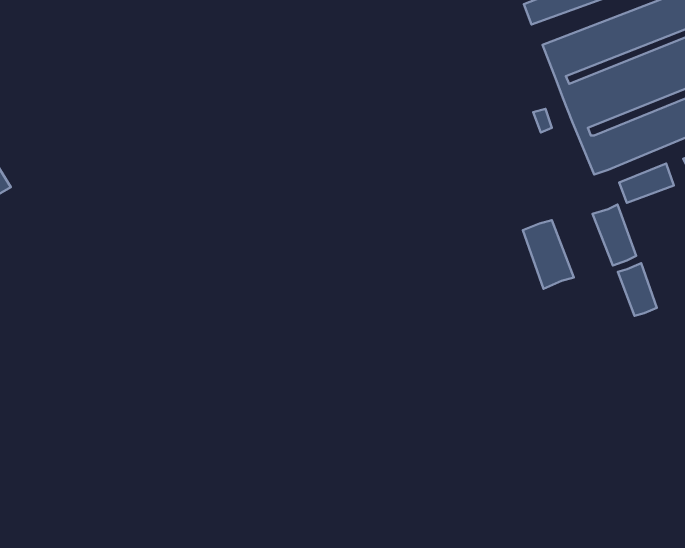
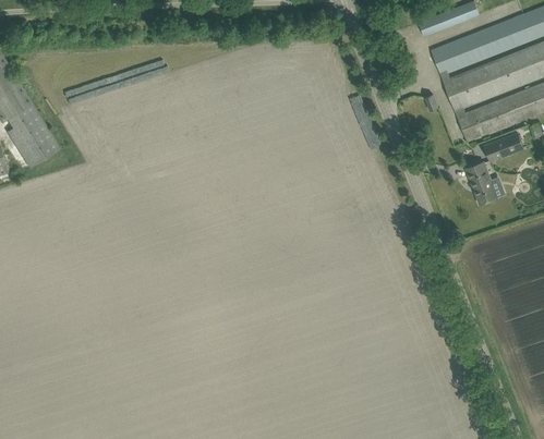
building: [523,220,574,289] -> none
building: [618,263,657,316] -> none

